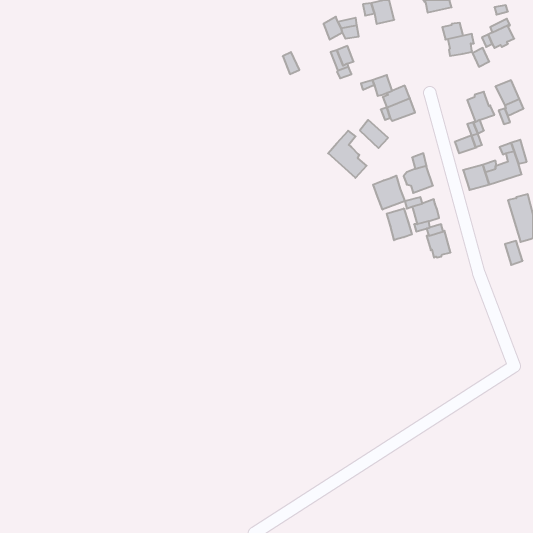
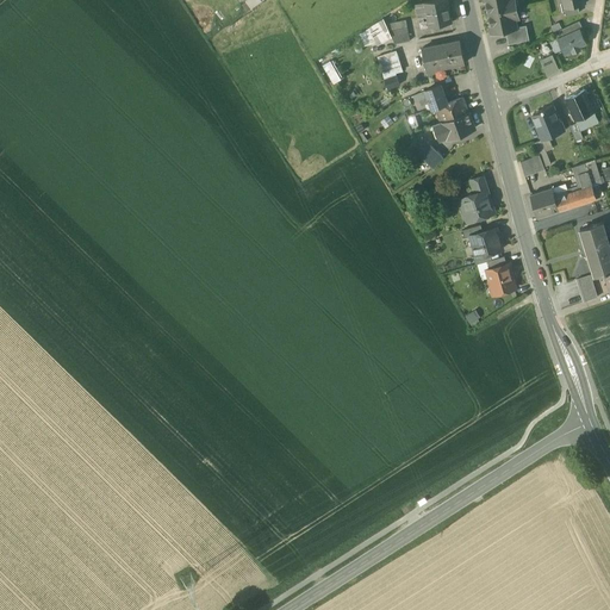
building: [448,34,474,56] -> [488,8,518,33]
building: none -> [423,42,465,70]
building: [328,131,367,178] -> none
building: [373,176,405,210] -> none
building: [387,208,412,240] -> none

